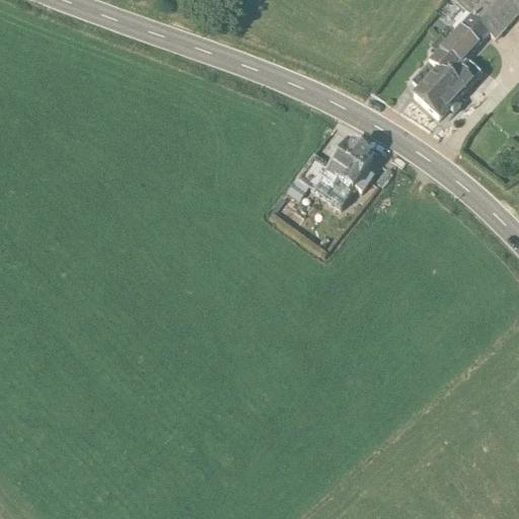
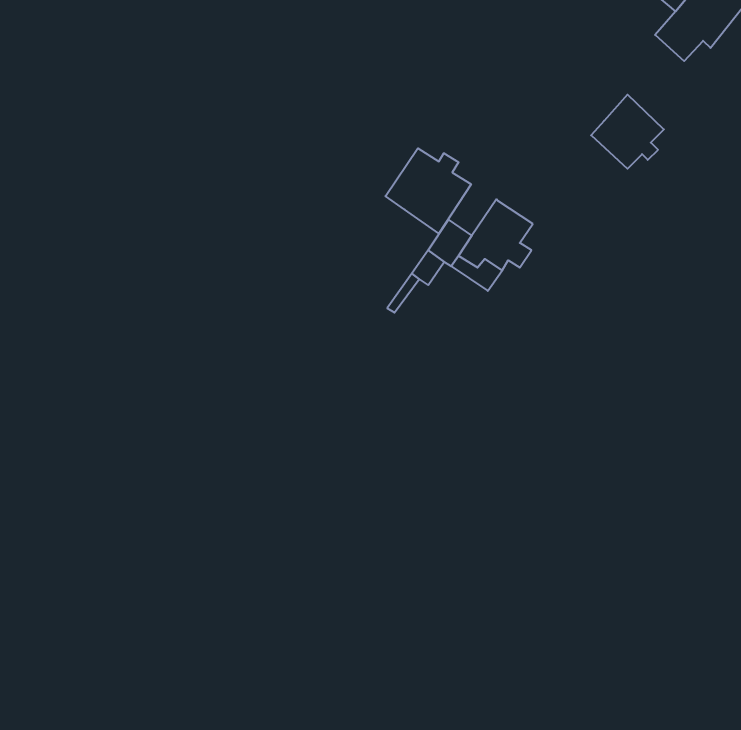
building: [413,24,480,90] -> none
building: none -> [385,148,471,234]

